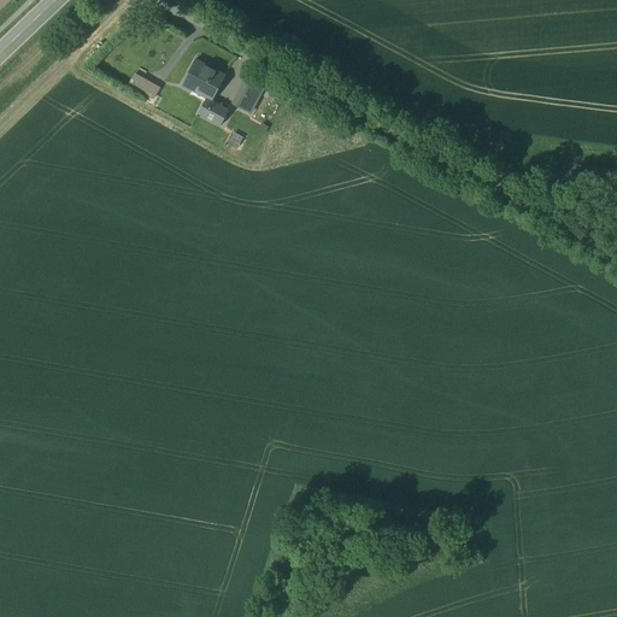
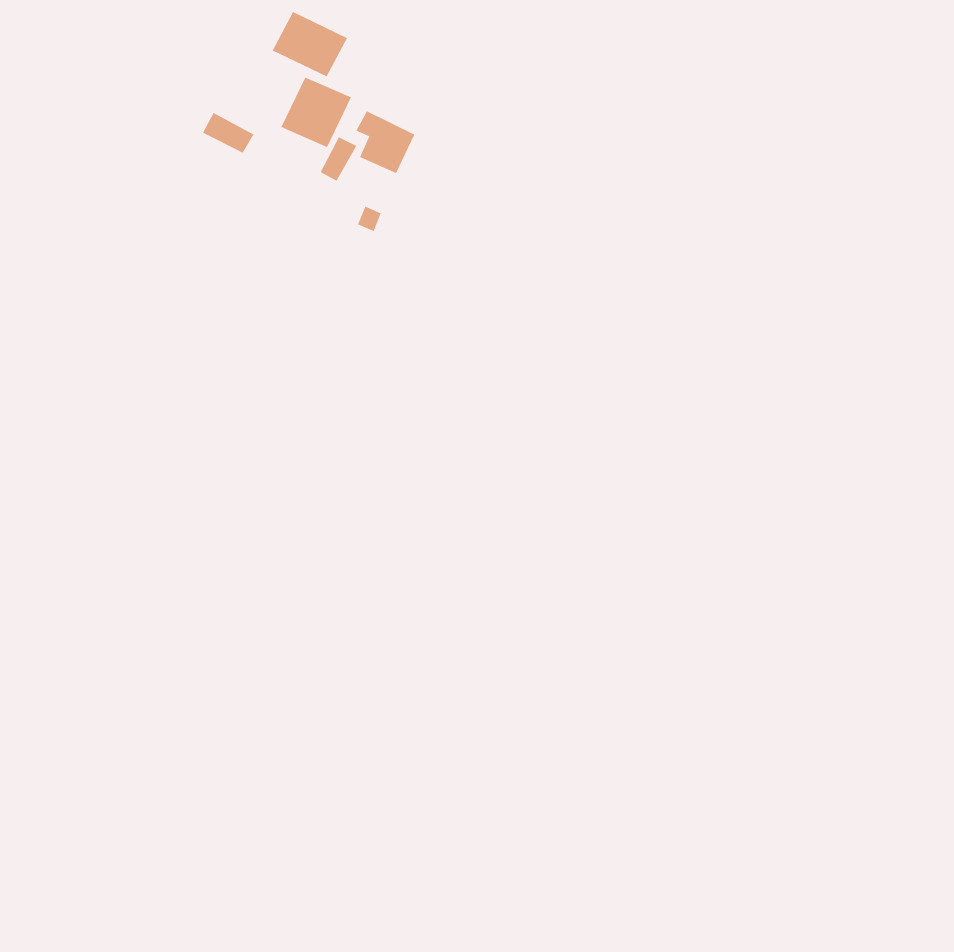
building: none -> [272,11,348,77]

